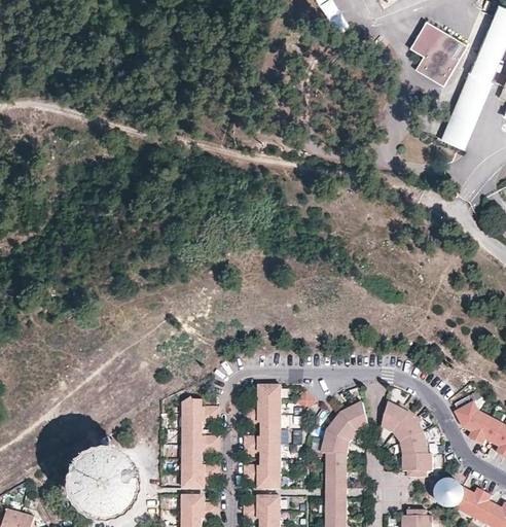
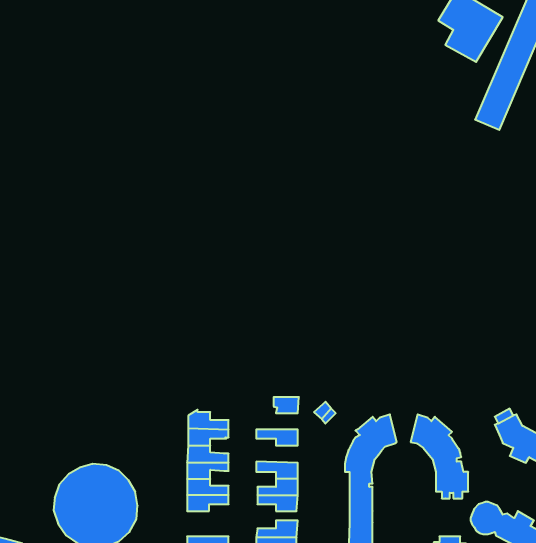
building: [244,400,281,415] -> none
building: [244,429,281,445] -> none
building: [182,496,219,511] -> none

